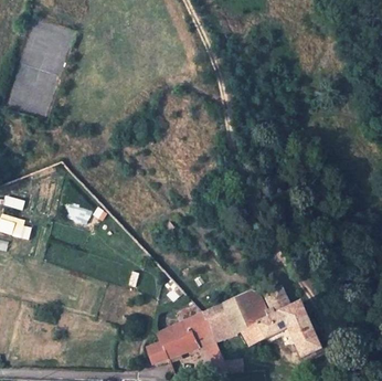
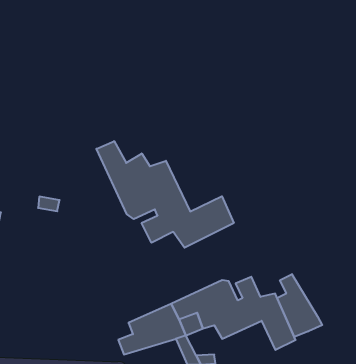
building: none -> [96,141,234,248]
building: none -> [277,274,322,337]

